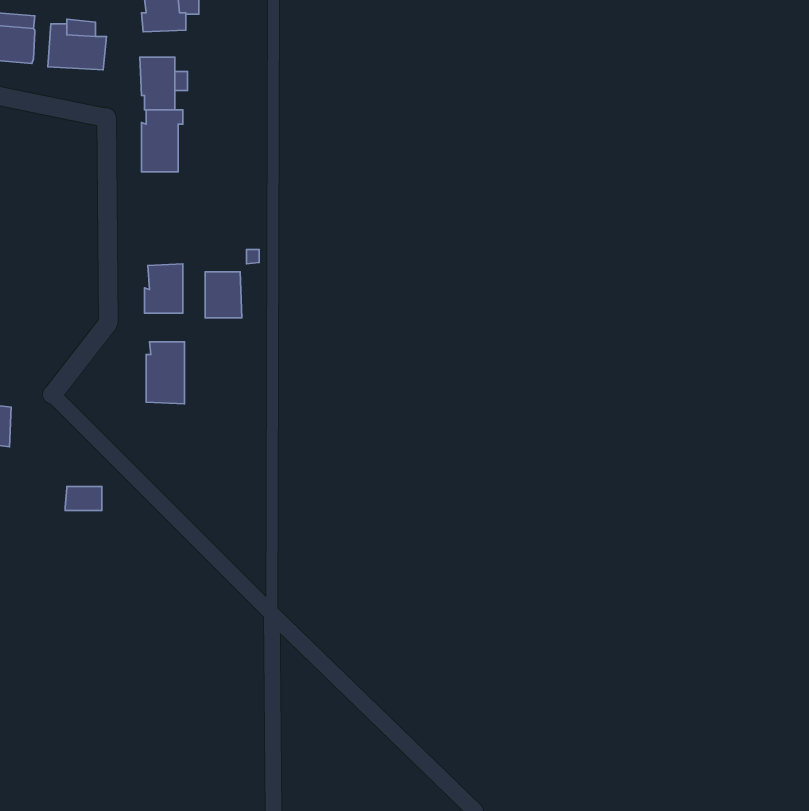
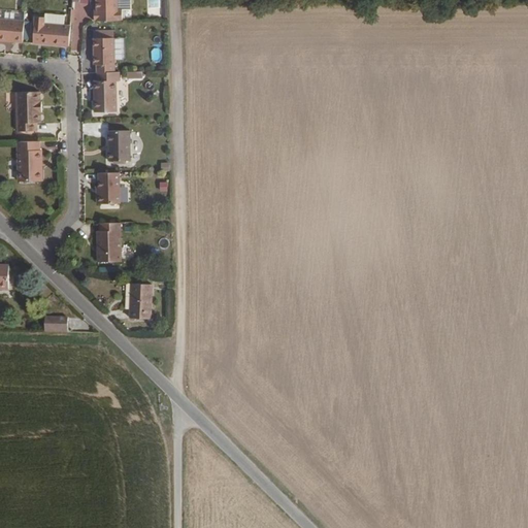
building: none -> [13,91,40,131]
building: none -> [14,140,41,180]
building: [205,272,242,318] -> [106,130,130,160]
building: none -> [128,283,152,319]

